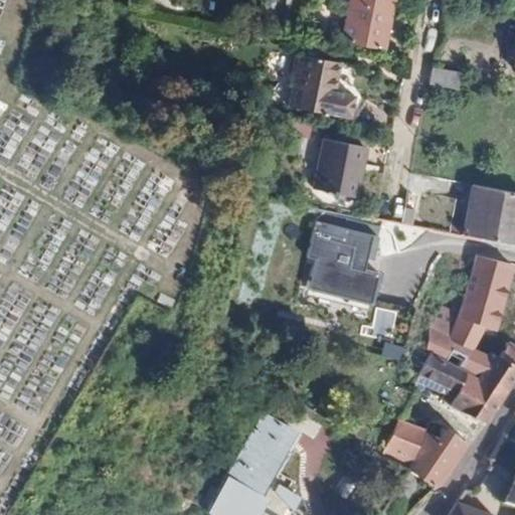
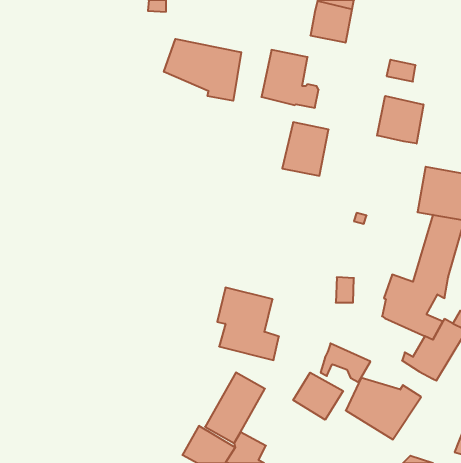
building: none -> [164,39,241,101]
building: none -> [377,96,423,144]
building: [307,219,375,300] -> [217,288,279,360]
building: [418,353,474,396] -> [321,343,370,382]
building: none -> [293,373,343,420]

